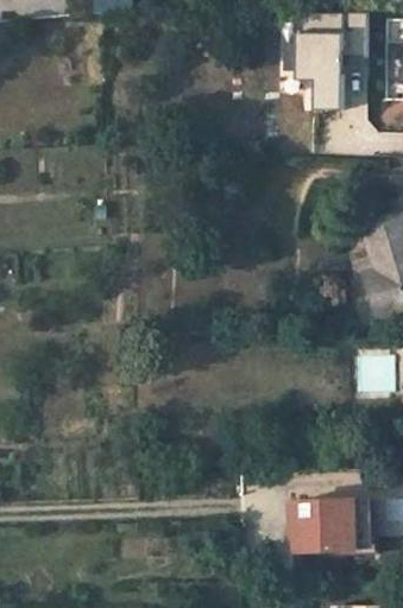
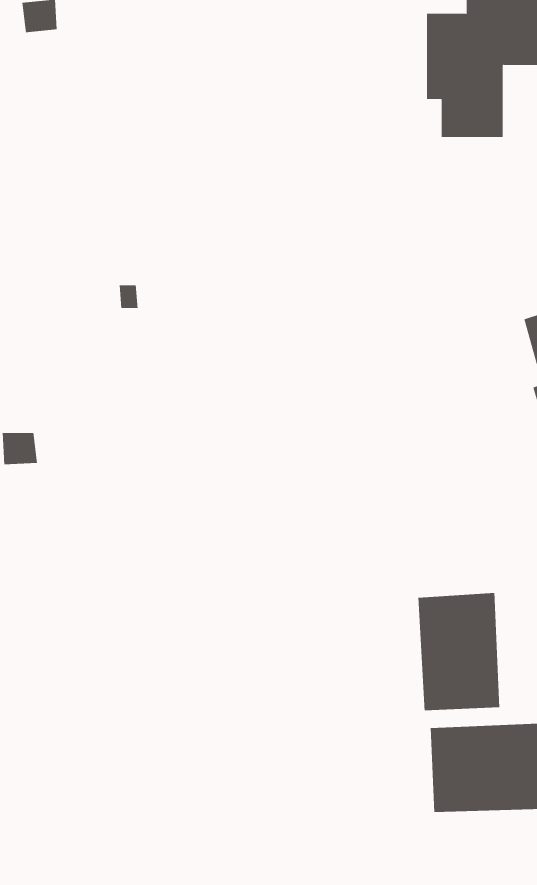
building: none -> [418,592,500,711]

